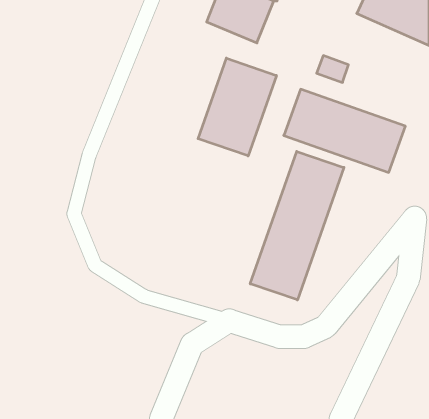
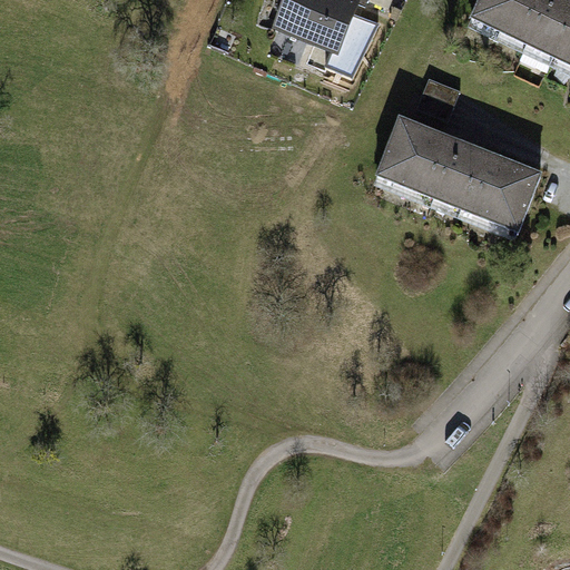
building: [198,58,276,156] -> none
building: [250,151,344,300] -> none

